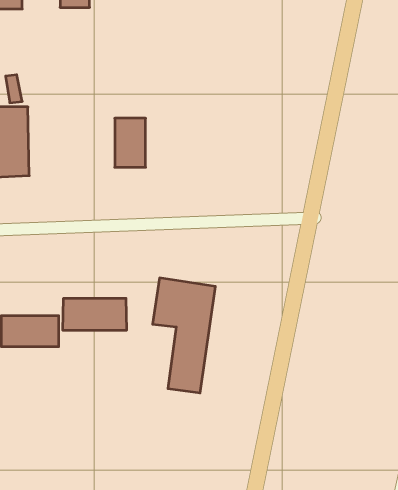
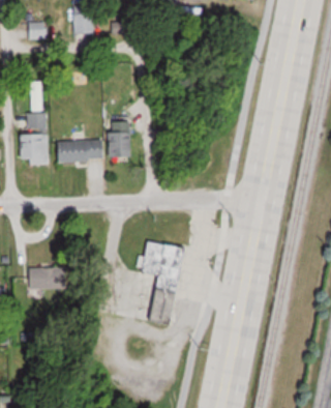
building: none -> [55,140,103,161]
building: [63,298,126,330] -> none

